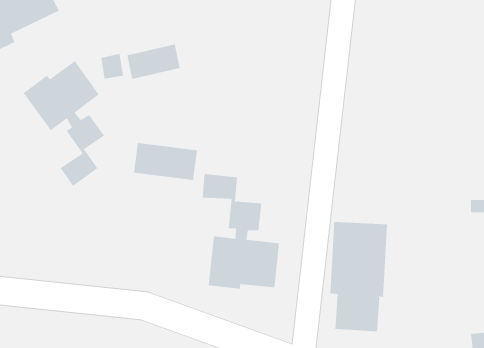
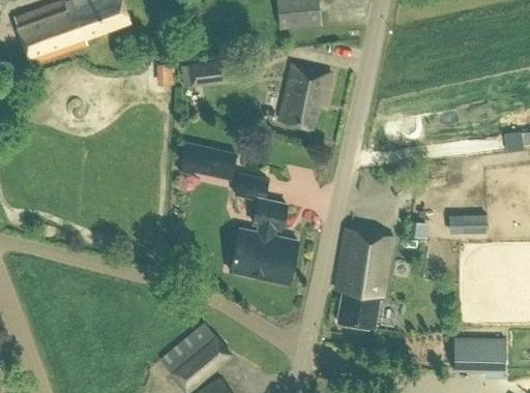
building: none -> [279,65,330,128]
building: [23,60,105,187] -> none

